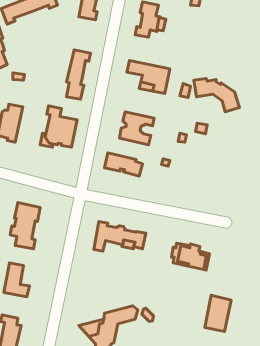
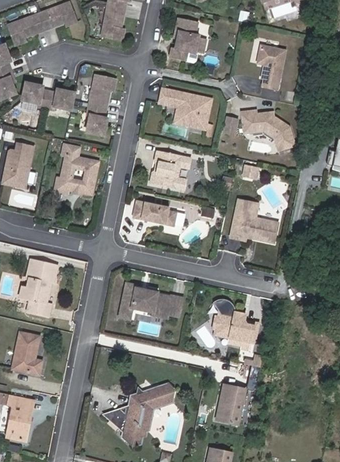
building: none -> [258,44,286,89]
building: none -> [22,82,75,110]
building: none -> [231,199,278,242]
building: [205,295,231,332] -> [215,382,247,426]

